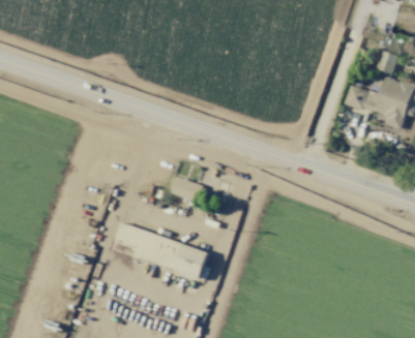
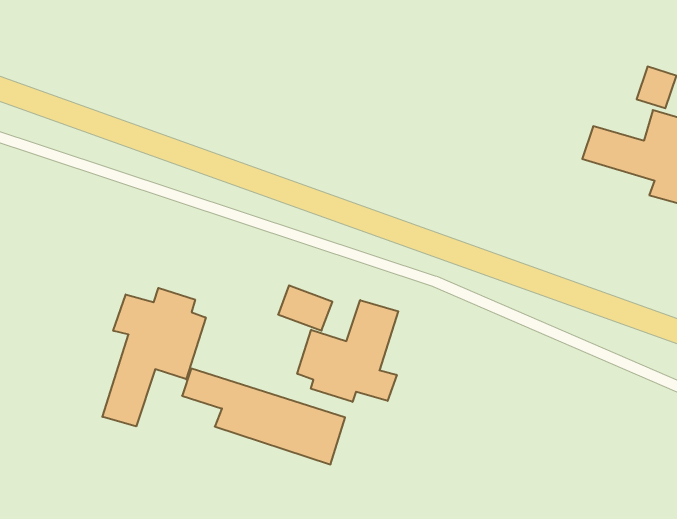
building: none -> [102,288,206,426]
building: none -> [297,300,398,402]

